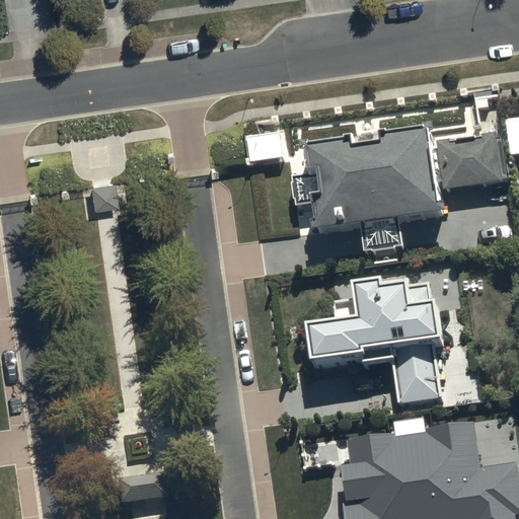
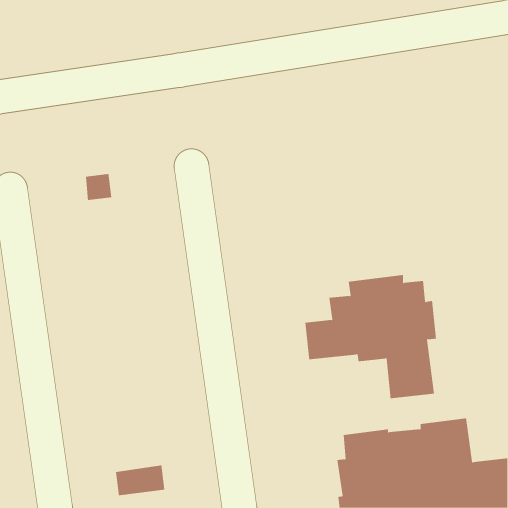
building: [290,129,508,253] -> none

